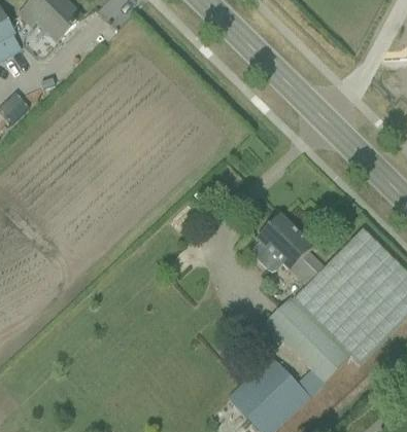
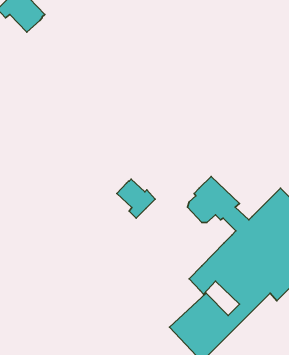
building: none -> [117,179,155,218]

